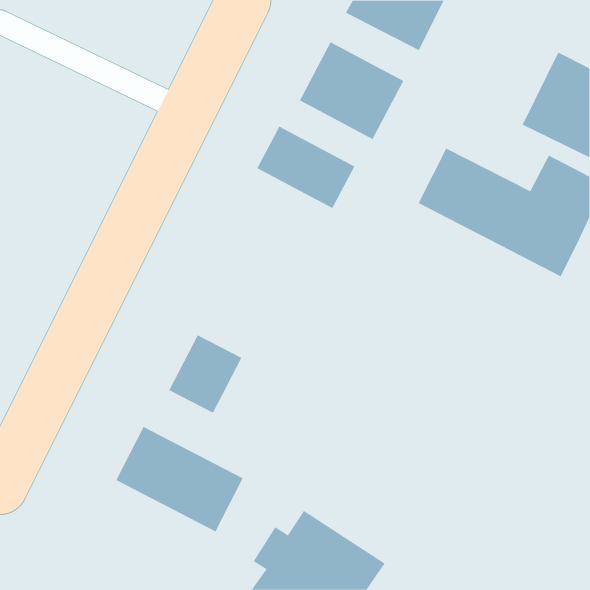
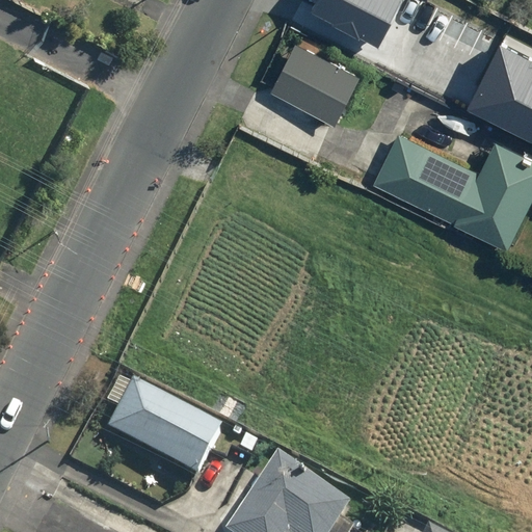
building: [256,126,355,209] -> none
building: [169,335,242,414] -> none

